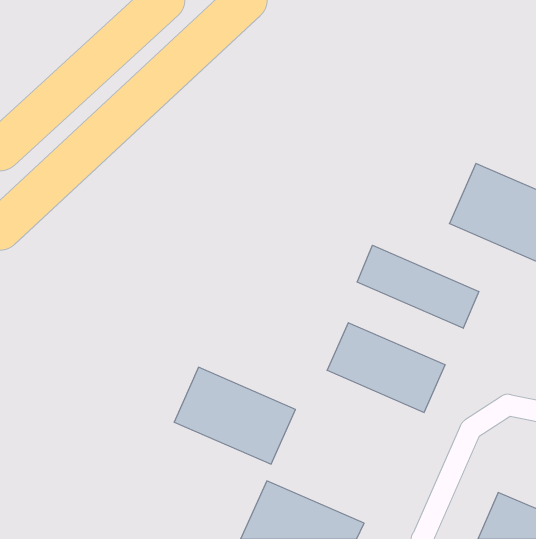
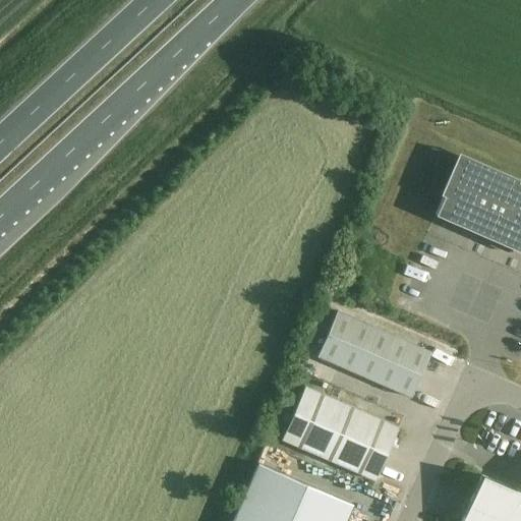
building: [357,245,479,328] -> none
building: [174,367,295,464] -> [283,388,400,481]

